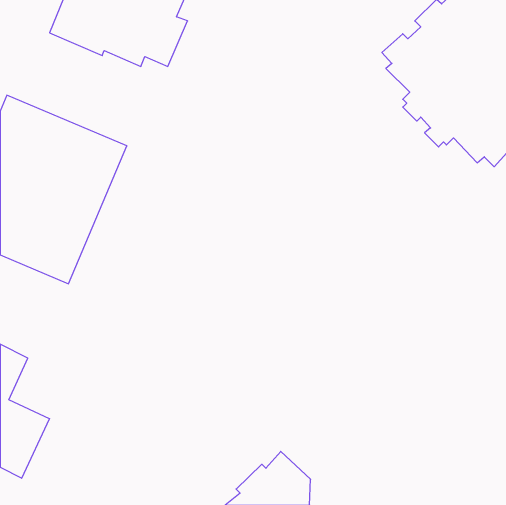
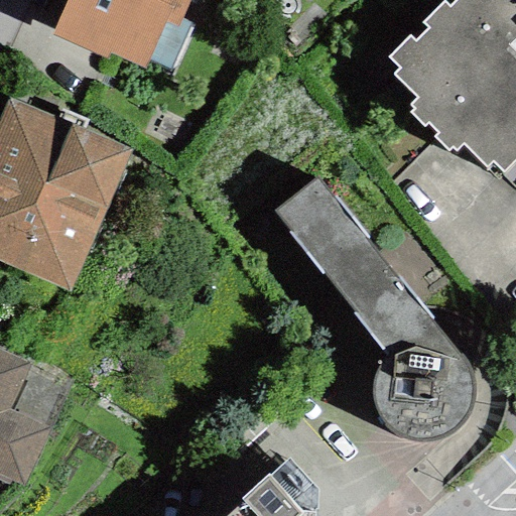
building: none -> [273,175,475,440]

